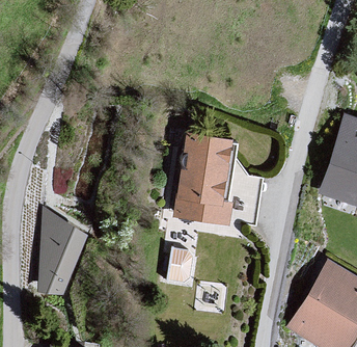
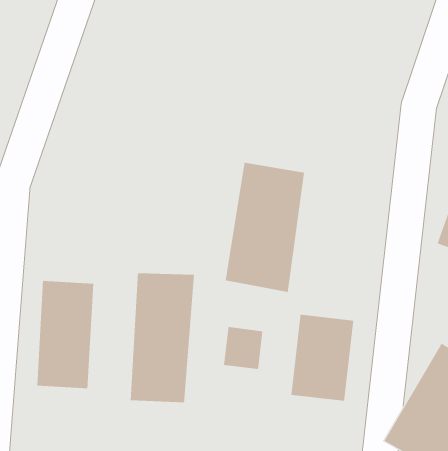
building: none -> [130,273,194,403]
building: none -> [291,314,354,402]

